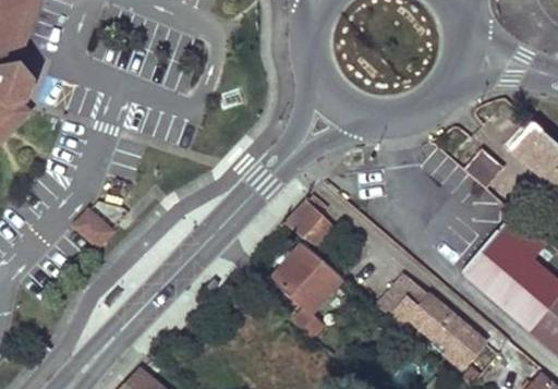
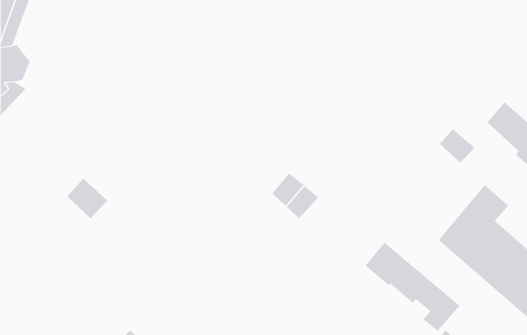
building: [274,244,343,339] -> none

